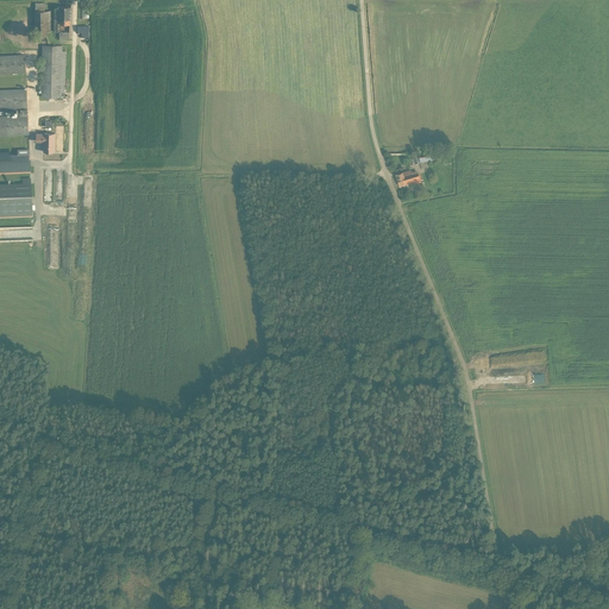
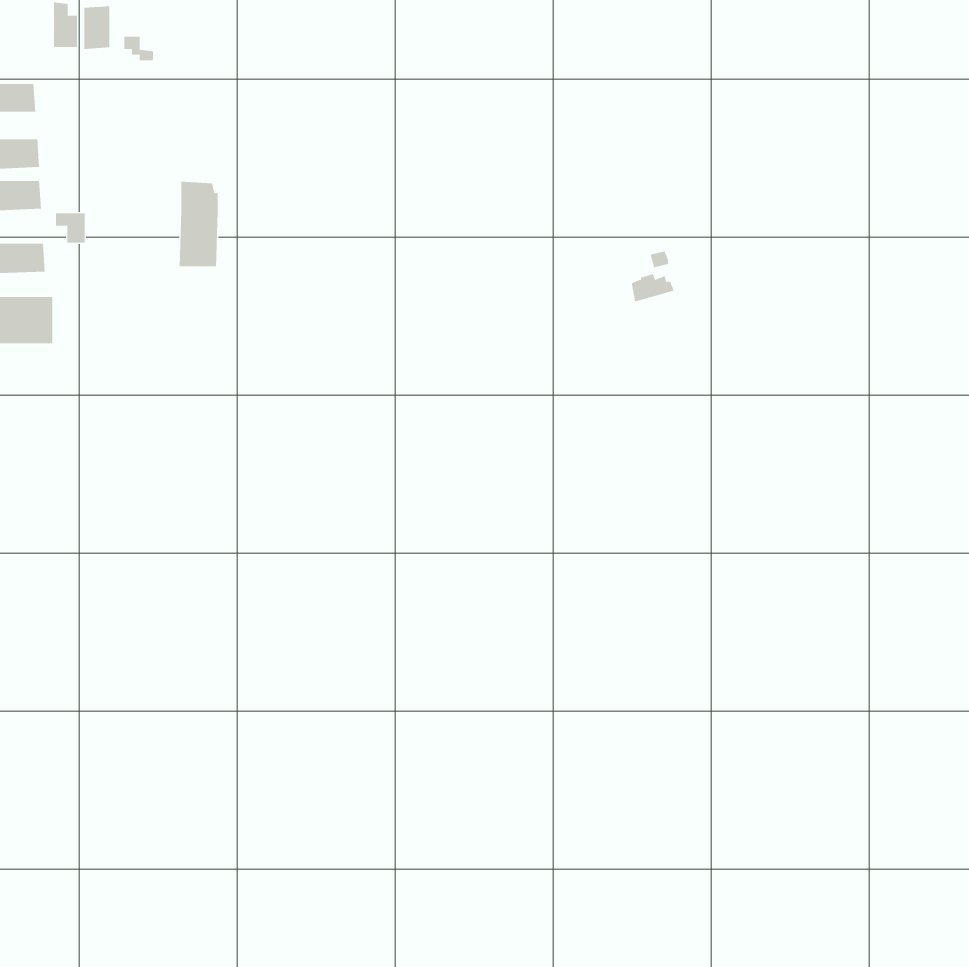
building: [39,45,64,99] -> [179,181,219,267]

